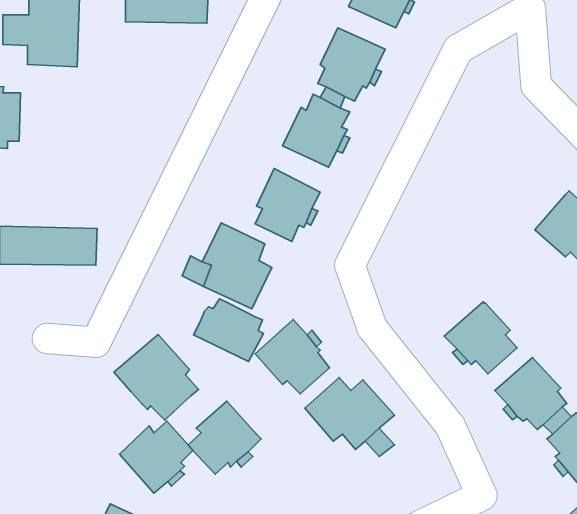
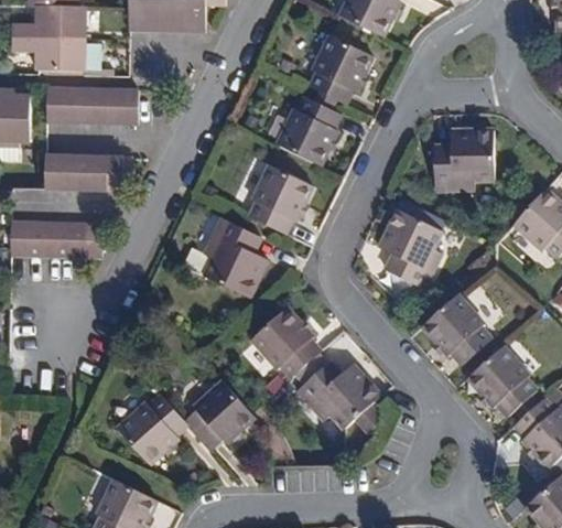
building: none -> [45,87,137,123]
building: none -> [433,130,494,188]
building: none -> [44,154,131,190]
building: none -> [376,208,440,287]
building: [193,299,263,361] -> none
building: [114,335,198,420] -> none

